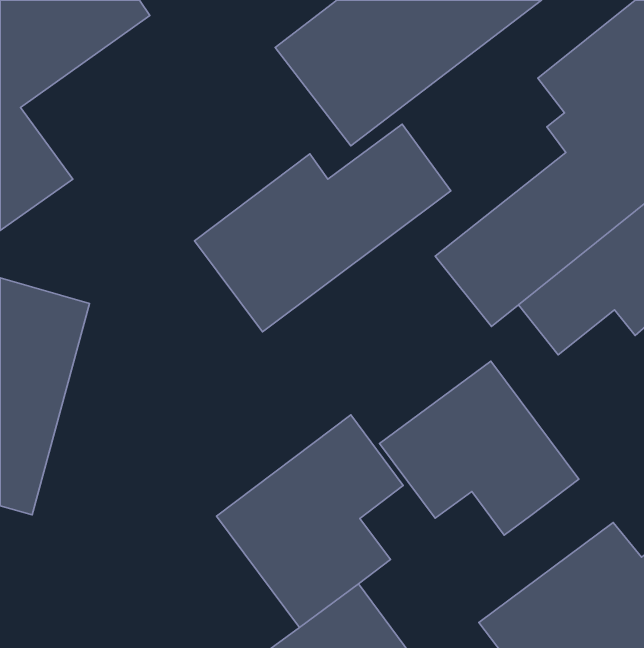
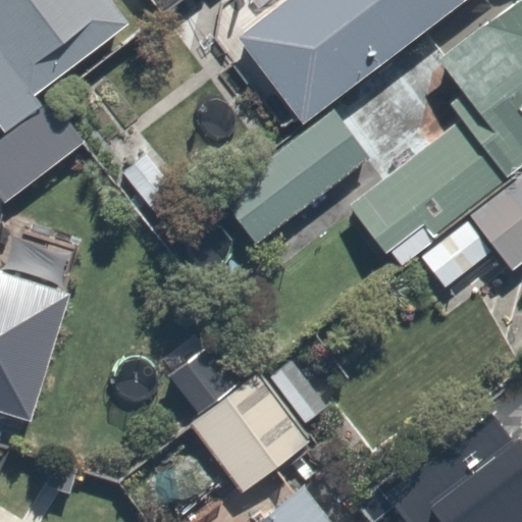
building: [379,361,579,535] -> none

